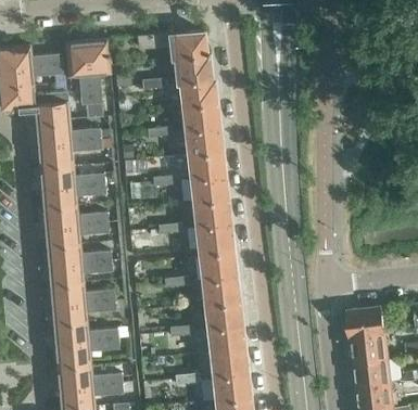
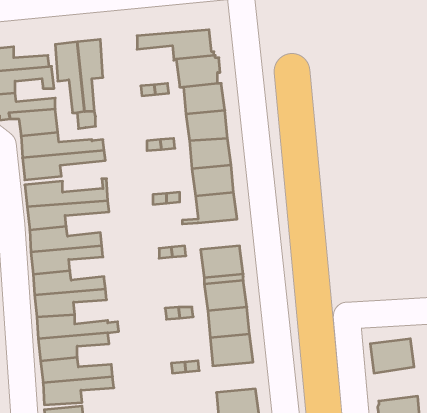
building: [193,198,230,226] -> none
building: [206,325,244,353] -> none
building: [350,330,389,360] -> none

